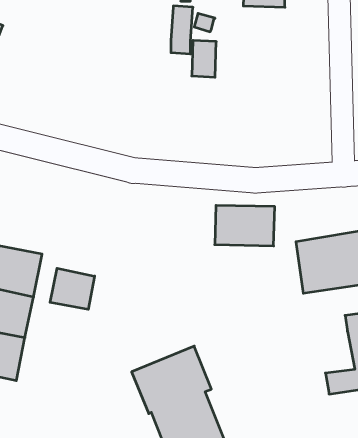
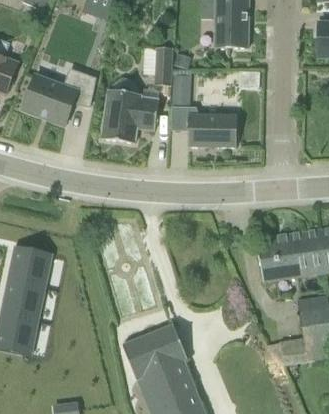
building: none -> [22,69,95,125]
building: none -> [101,89,159,143]
building: [215,205,275,246] -> [188,114,237,147]
building: [50,268,95,309] -> none

